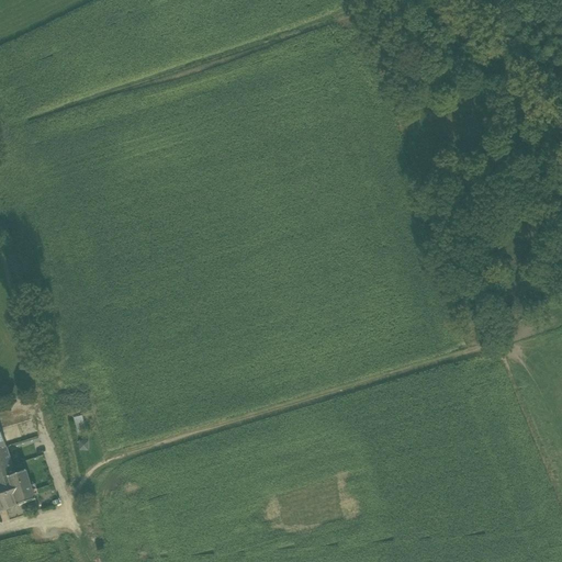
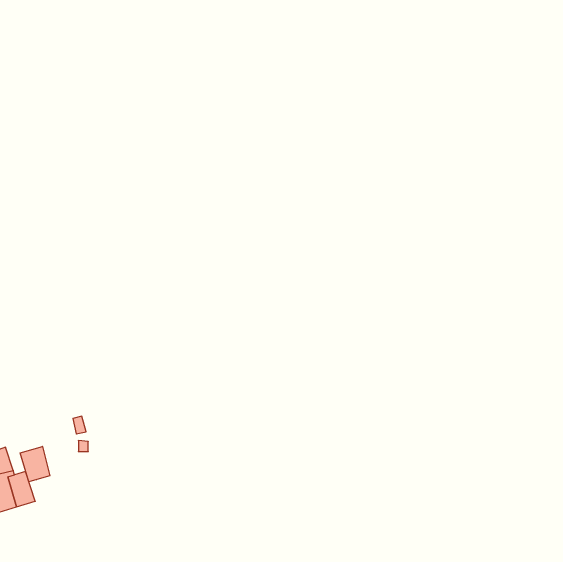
building: none -> [20,446,50,482]

